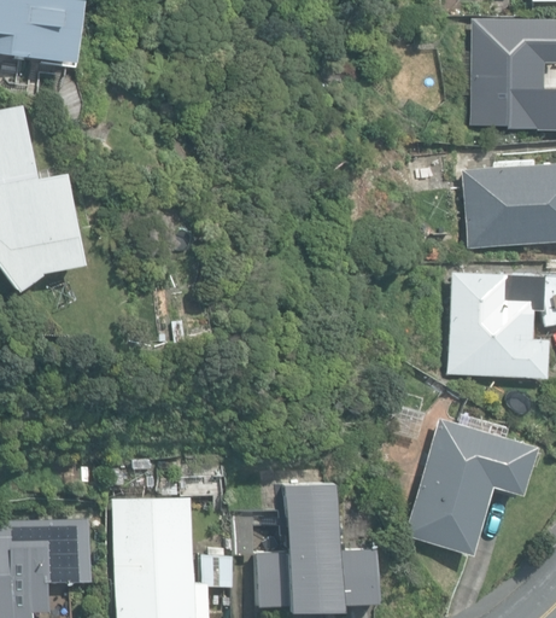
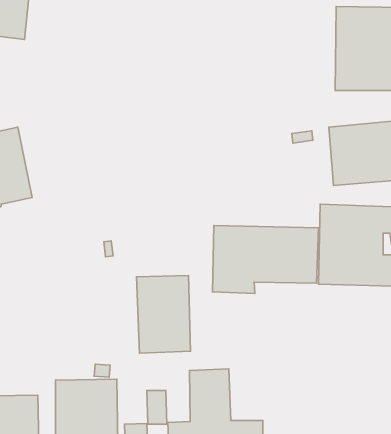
building: none -> [212,226,319,293]
building: none -> [136,275,191,353]
building: [404,414,533,554] -> none

